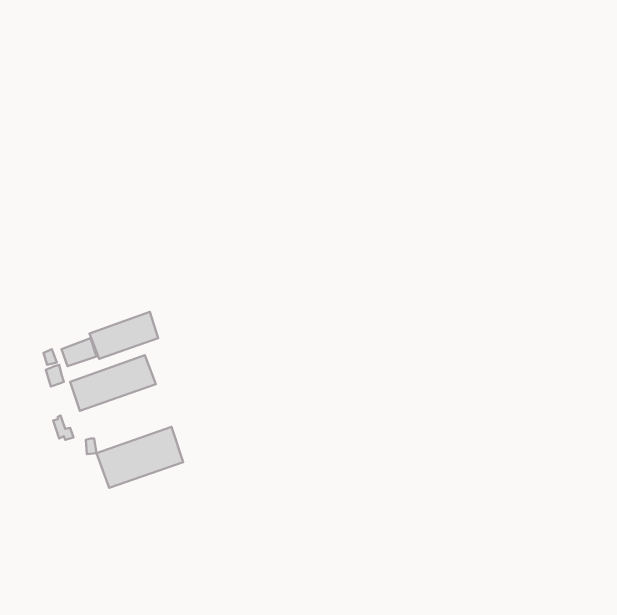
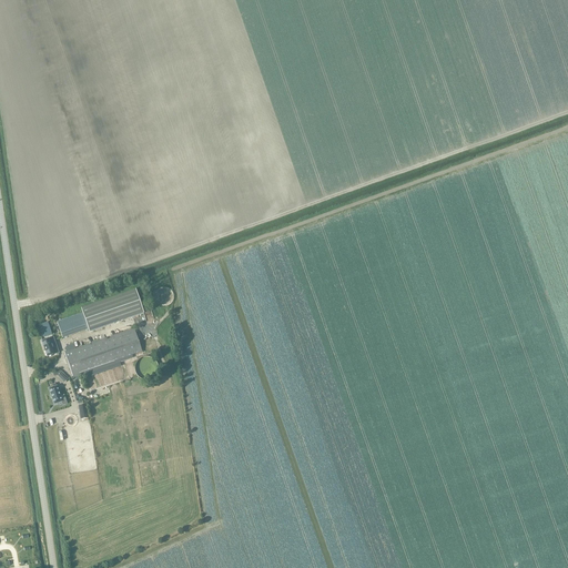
building: [97,427,183,488] -> none

